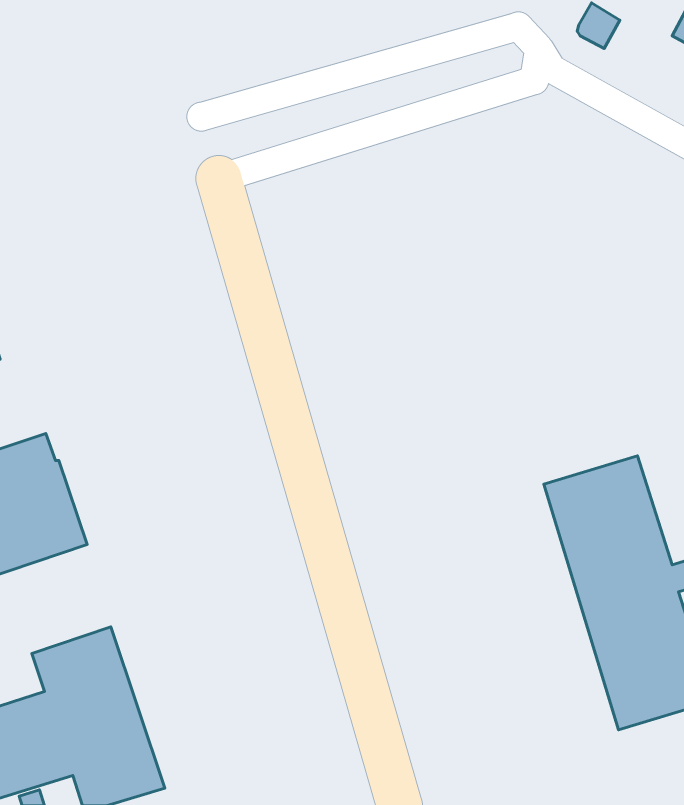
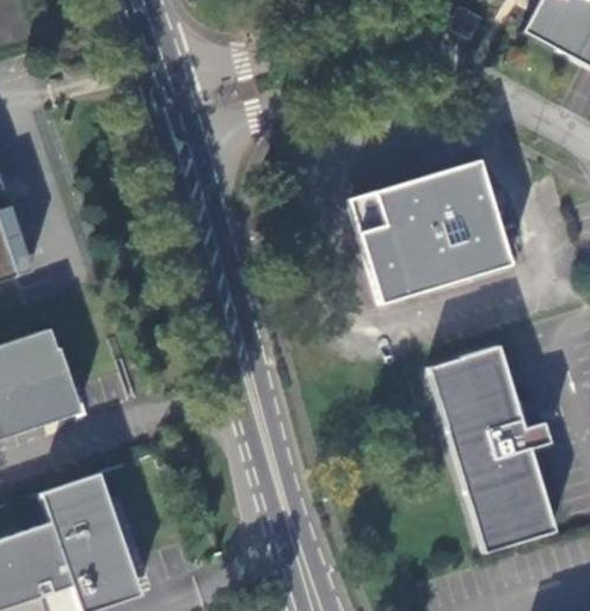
building: none -> [345,156,510,304]

